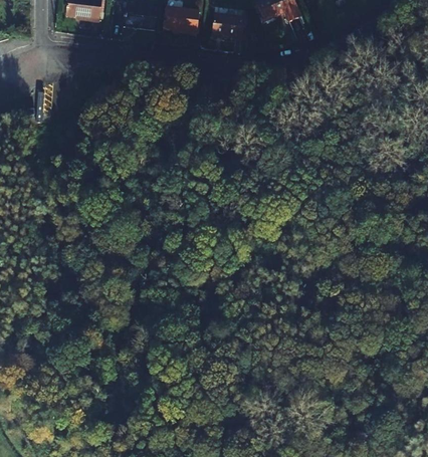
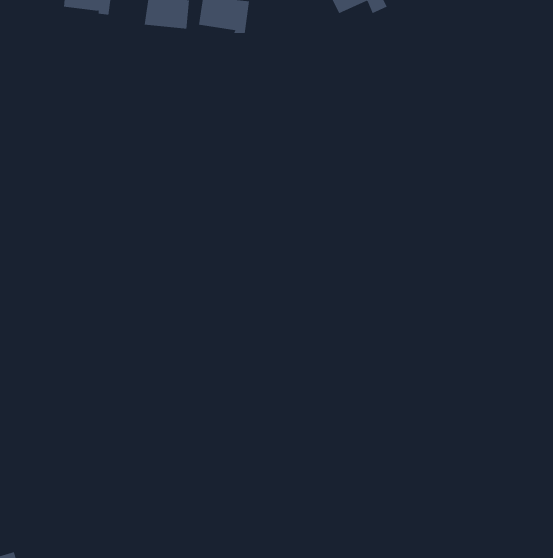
building: [212,15,245,41] -> none

